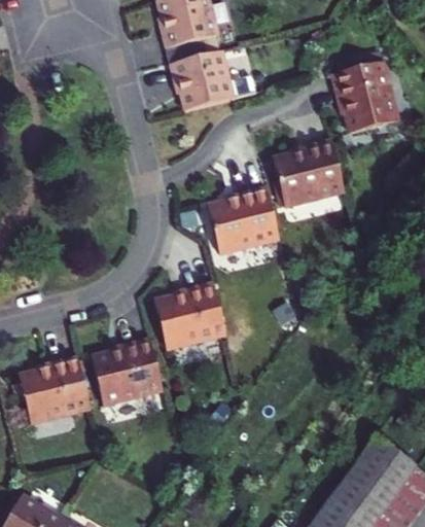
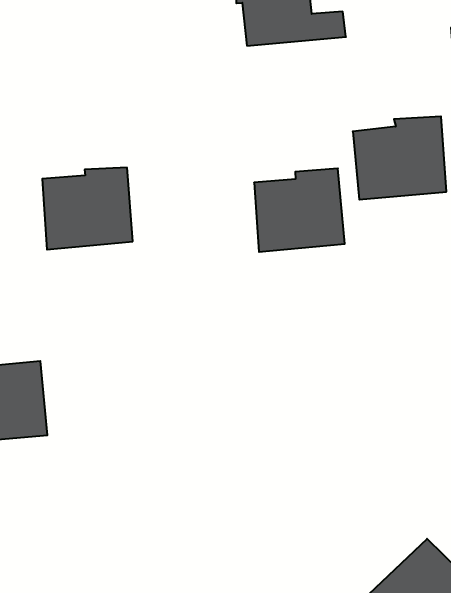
building: [156,282,227,349] -> [42,168,133,250]
building: [92,338,164,403] -> none

